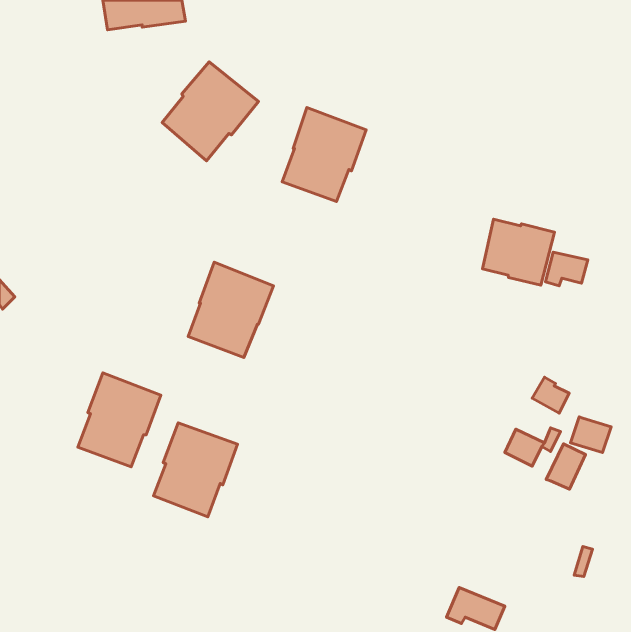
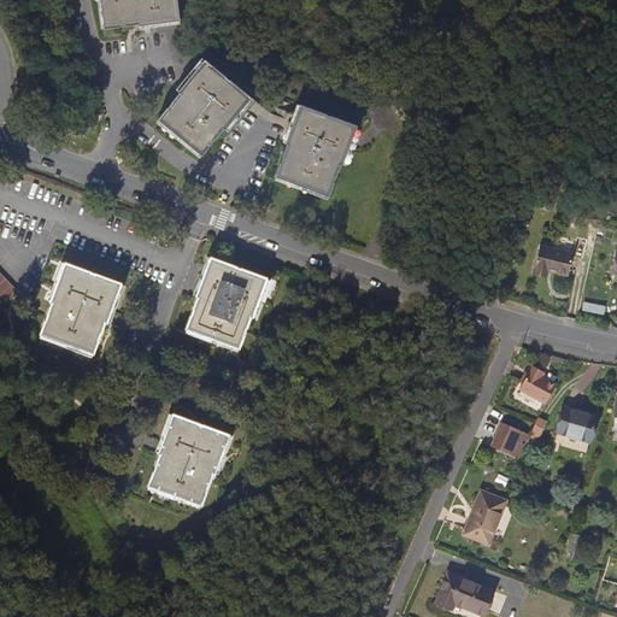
building: [482,219,555,285] -> none
building: [78,373,161,467] -> [40,262,121,353]
building: [546,444,585,489] -> none
building: none -> [463,490,504,542]

